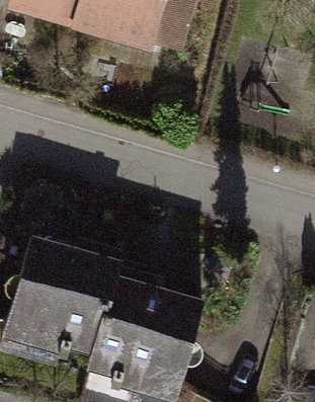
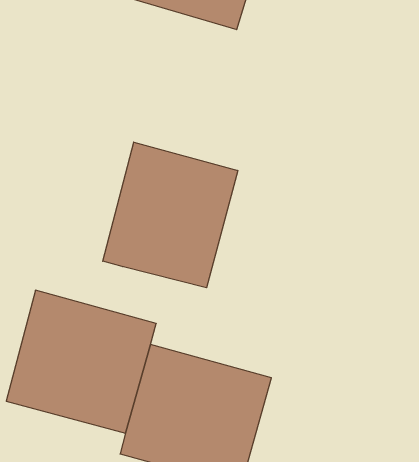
building: none -> [103,142,238,288]

